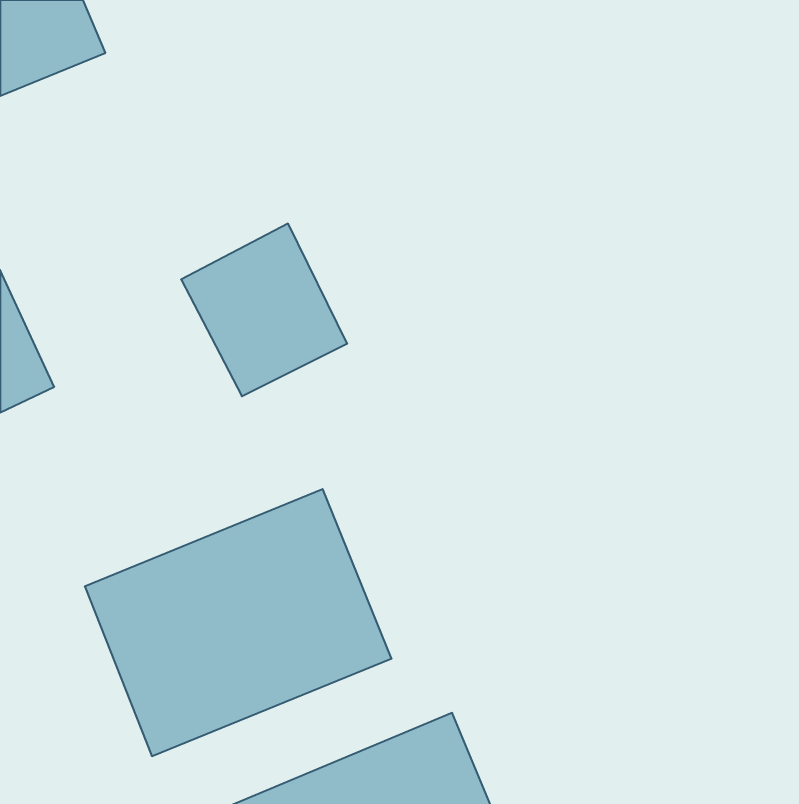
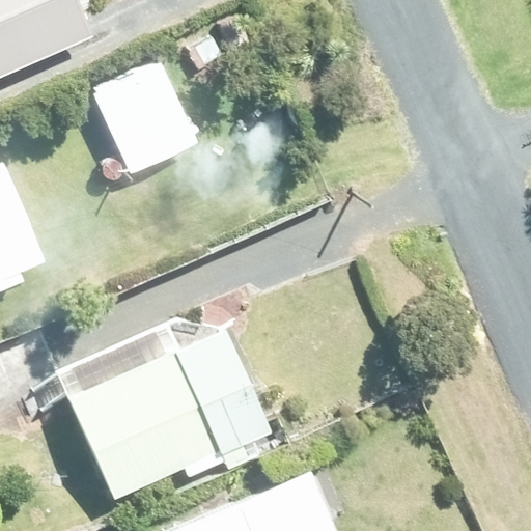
building: [181,224,347,396] -> [92,60,200,172]

